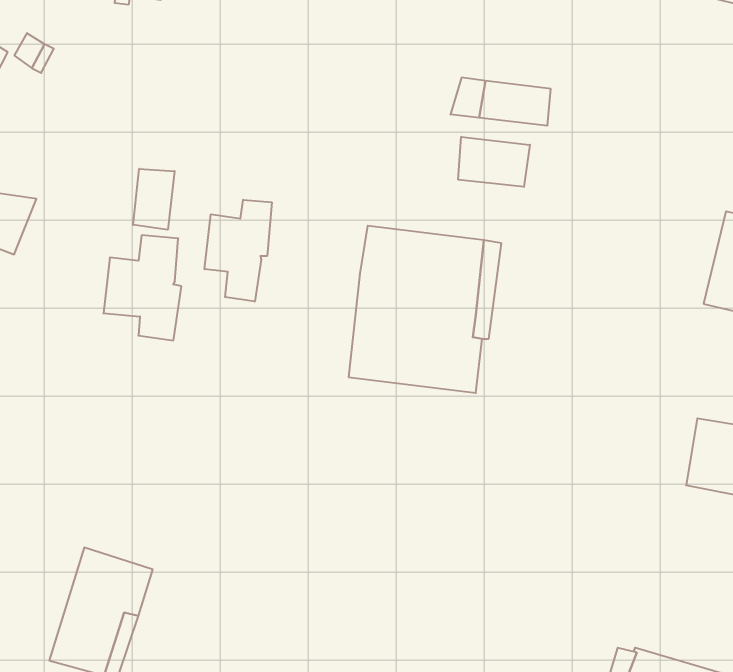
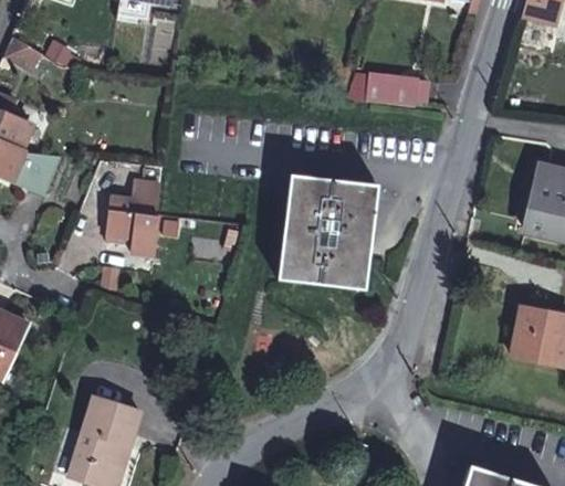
building: [458,137,530,187] -> none
building: [133,169,175,230] -> none
building: [205,200,272,302] -> none

